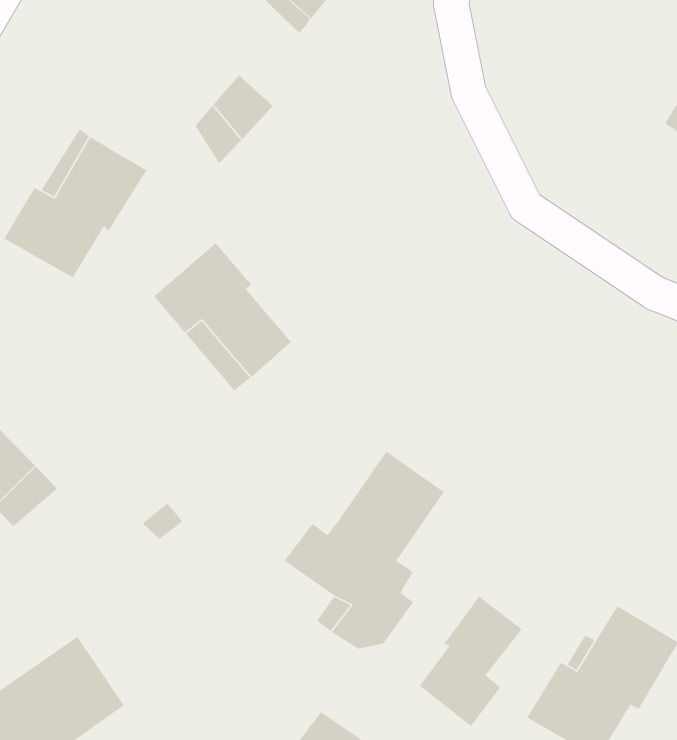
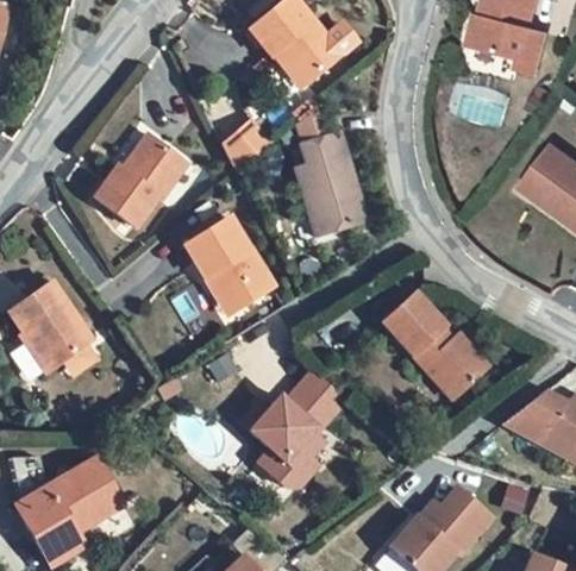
building: none -> [296,98,363,239]
building: none -> [382,299,480,389]
building: [419,595,523,727] -> none

